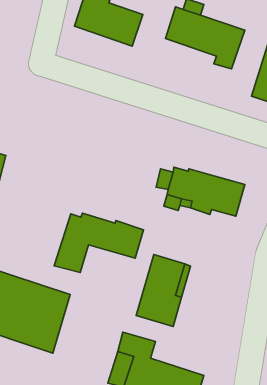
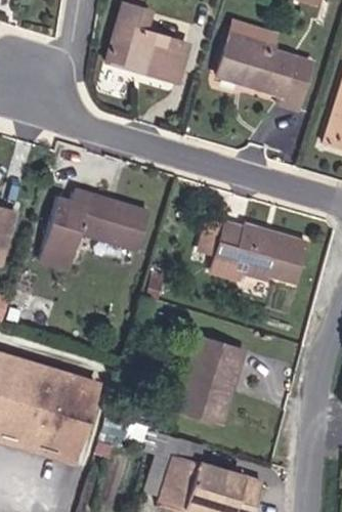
building: [54,213,144,272] -> [38,197,147,269]

